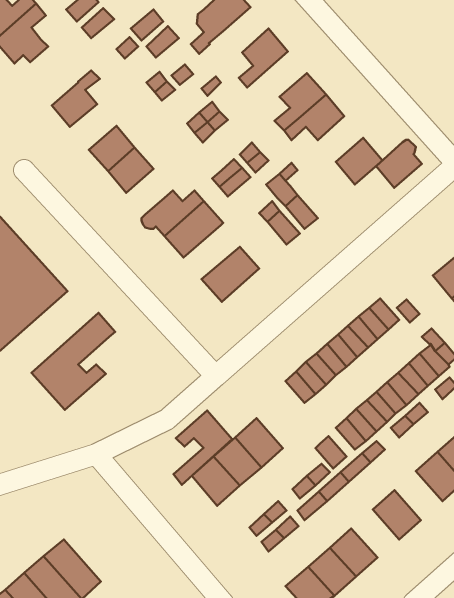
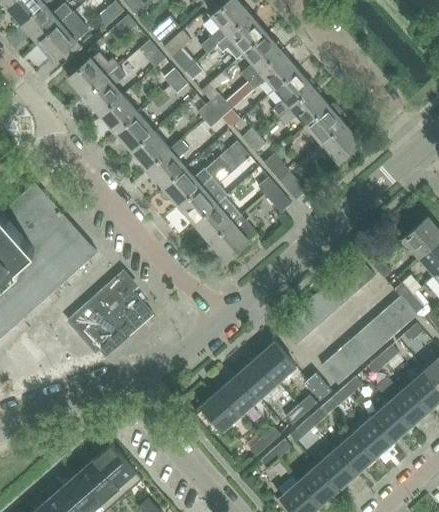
building: none -> [215,15,265,59]
building: none -> [247,52,297,90]
building: none -> [67,53,118,97]
building: none -> [99,96,138,134]
building: [376,140,422,188] -> [306,104,344,144]
building: none -> [146,139,189,188]
building: none -> [194,197,241,242]
building: none -> [255,342,295,383]
building: [174,411,232,485] -> [104,290,153,352]
building: none -> [370,402,410,443]
building: none -> [334,434,374,474]
building: none -> [94,444,142,494]

